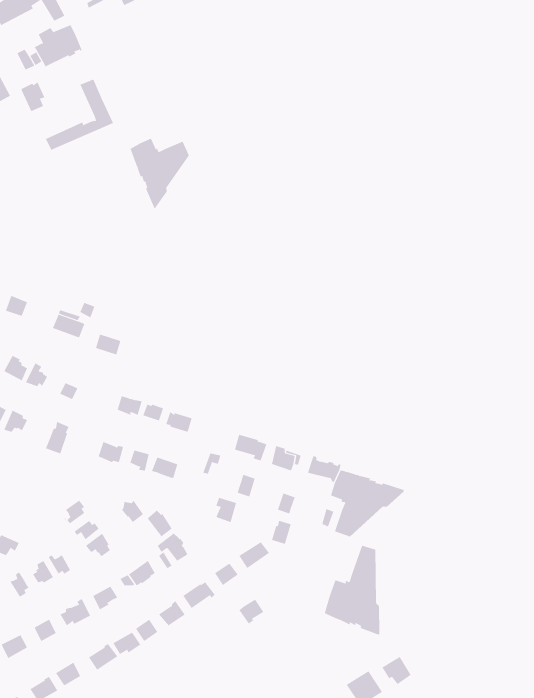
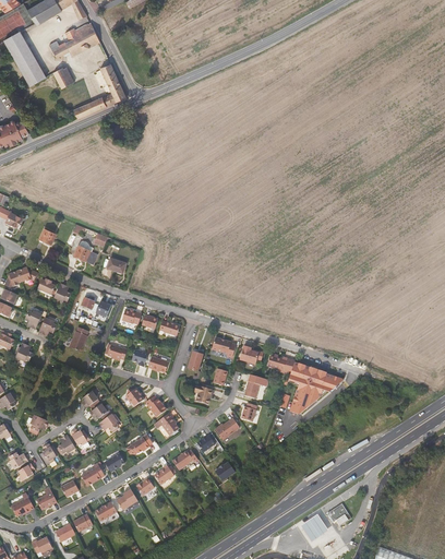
building: [130,138,190,209] -> none
building: [324,545,380,635] -> none

